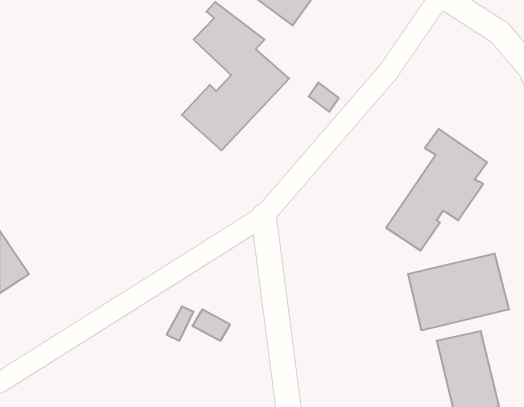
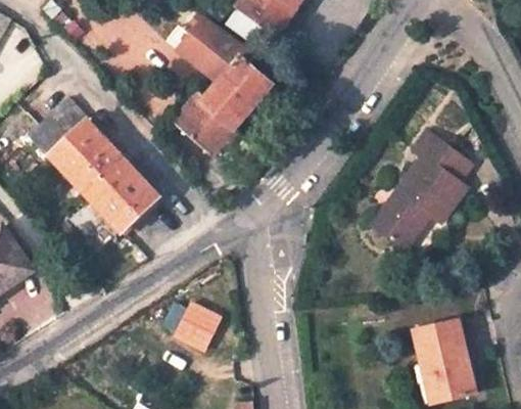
building: none -> [29,101,159,234]
building: [408,253,509,330] -> none

